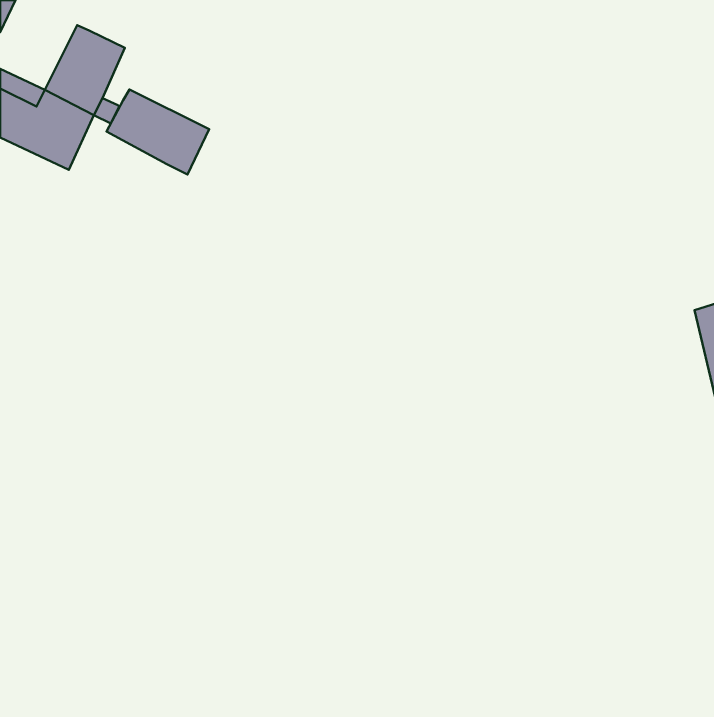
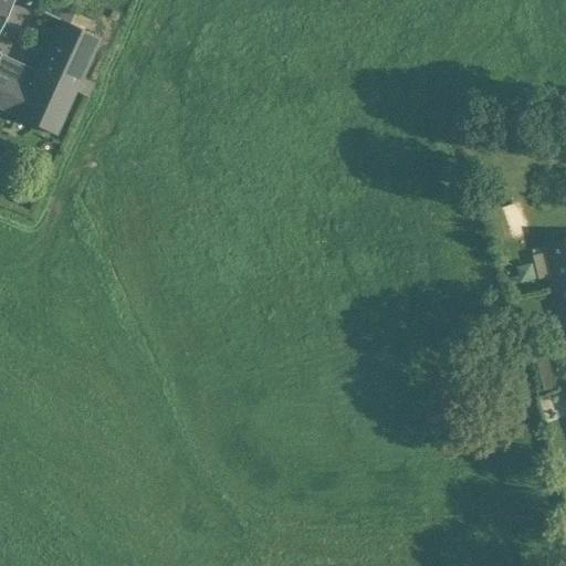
building: [107,89,209,174] -> none

